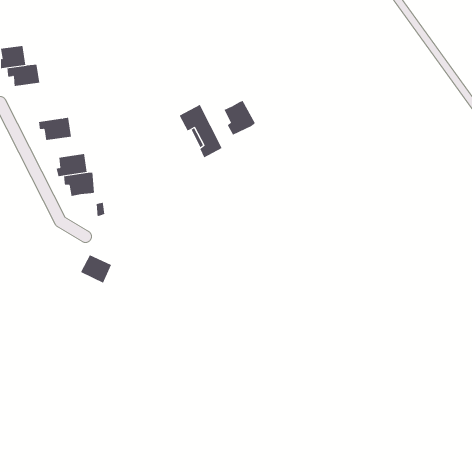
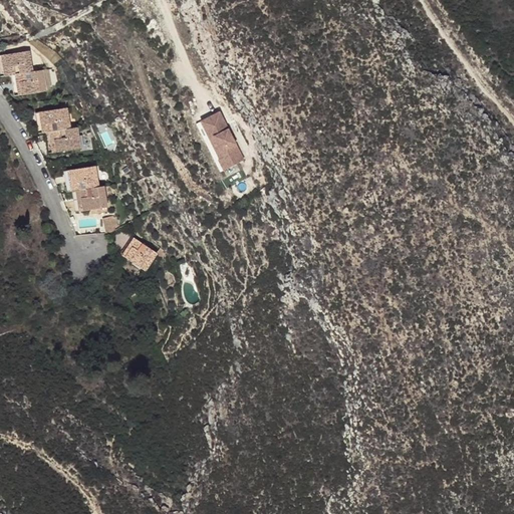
building: none -> [35,106,71,133]
building: [224,100,256,136] -> none
building: [80,255,112,283] -> [125,234,160,265]

